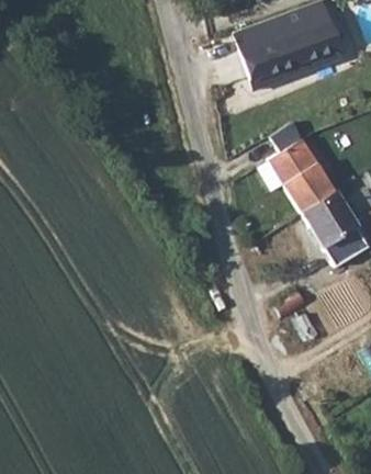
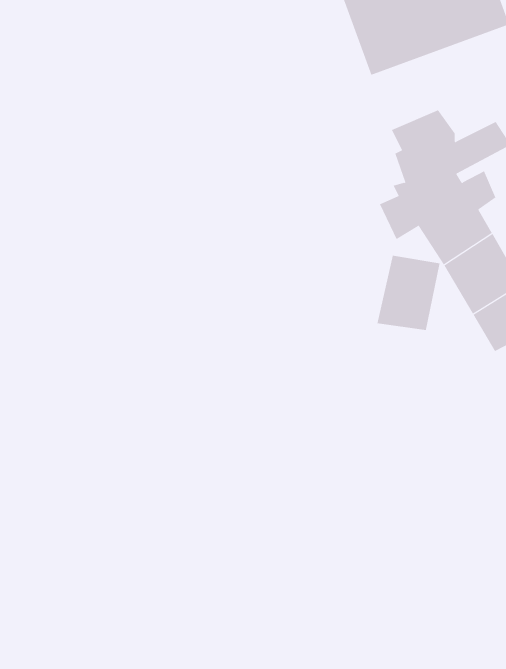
building: none -> [377,255,440,331]

